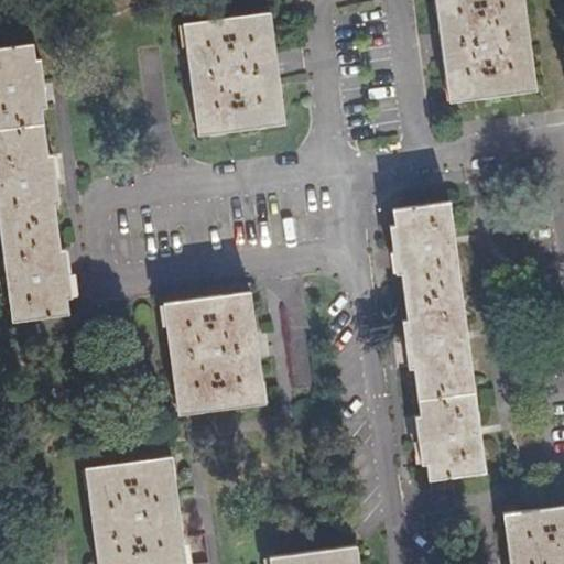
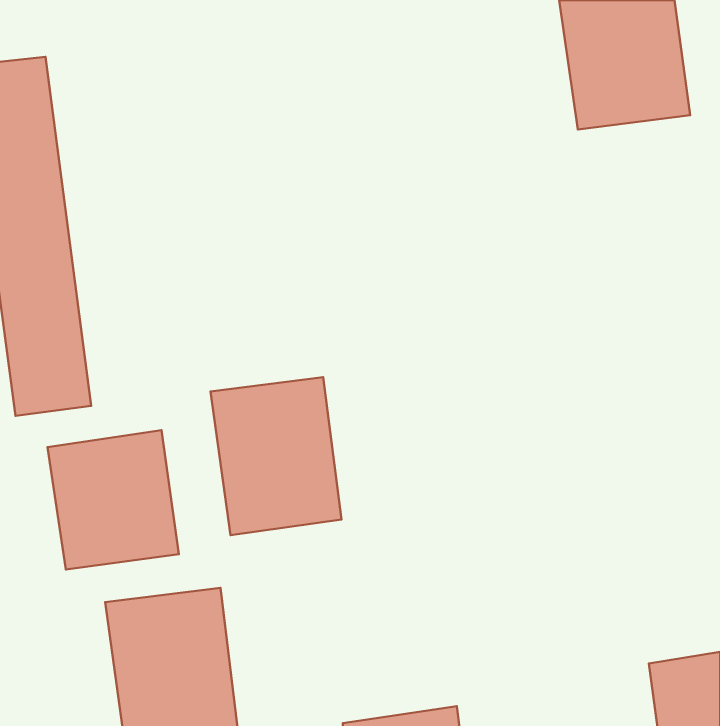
building: [184,12,286,134] -> none
building: [392,202,485,495] -> none
building: none -> [48,430,179,569]

